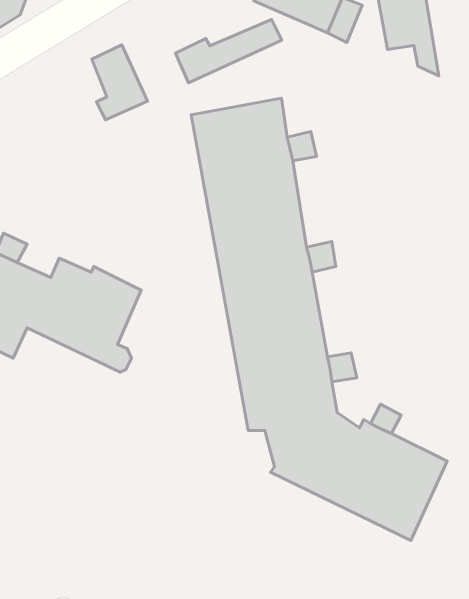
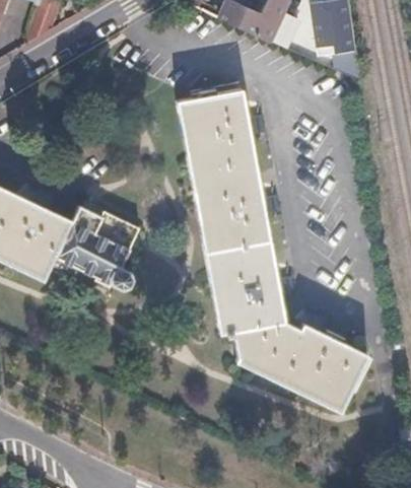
building: [176,19,282,83] -> none
building: [92,45,148,120] -> none

